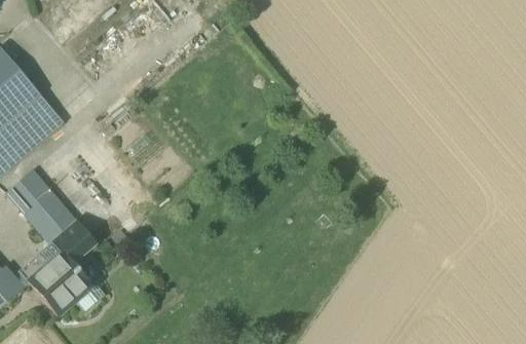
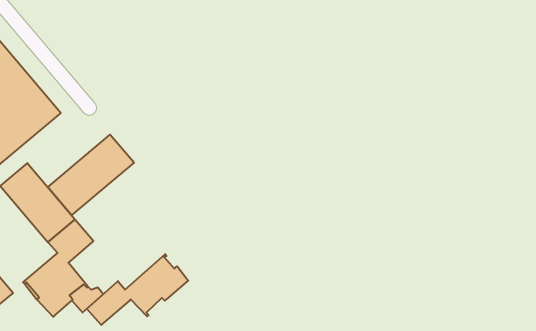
building: none -> [48,135,134,215]
building: none -> [87,254,188,325]

